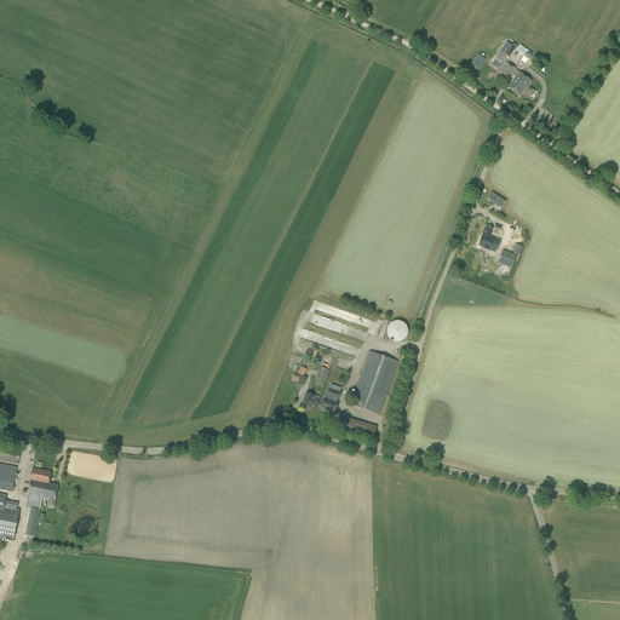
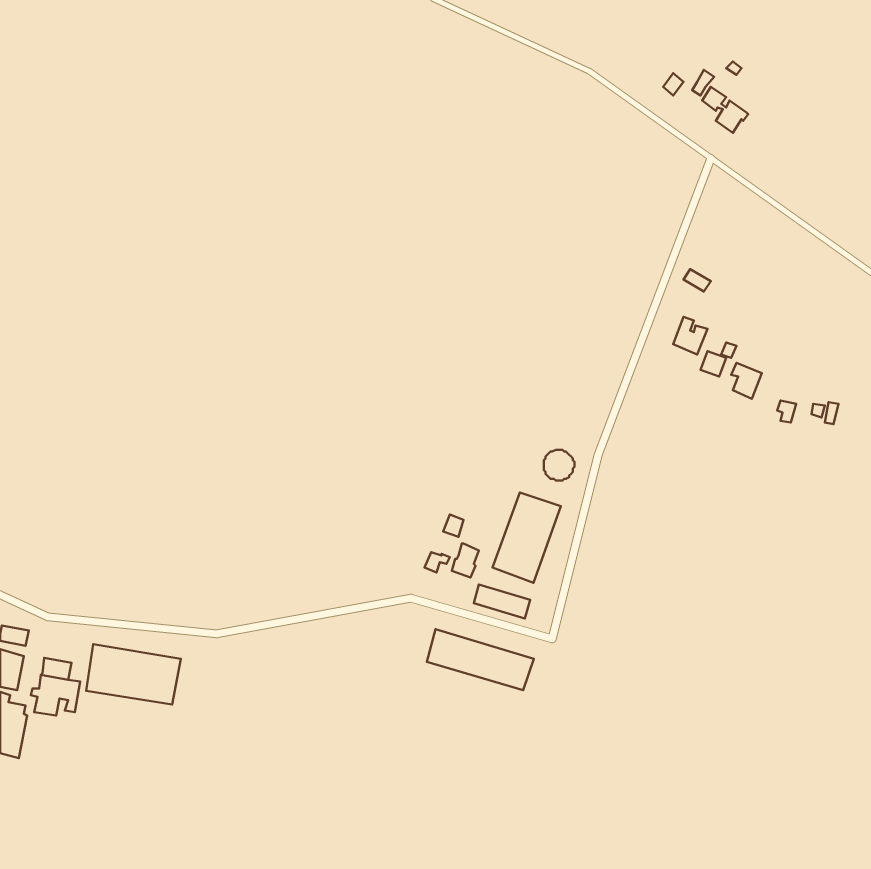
building: none -> [427,629,534,690]
building: none -> [86,644,181,704]

